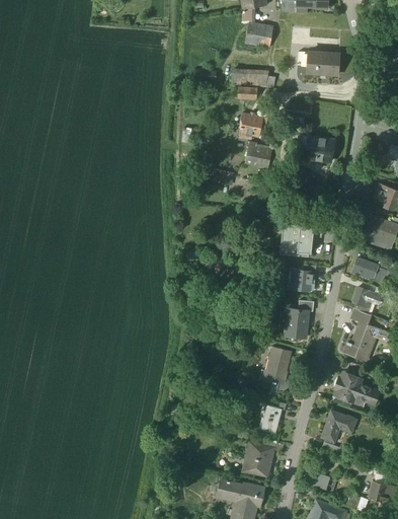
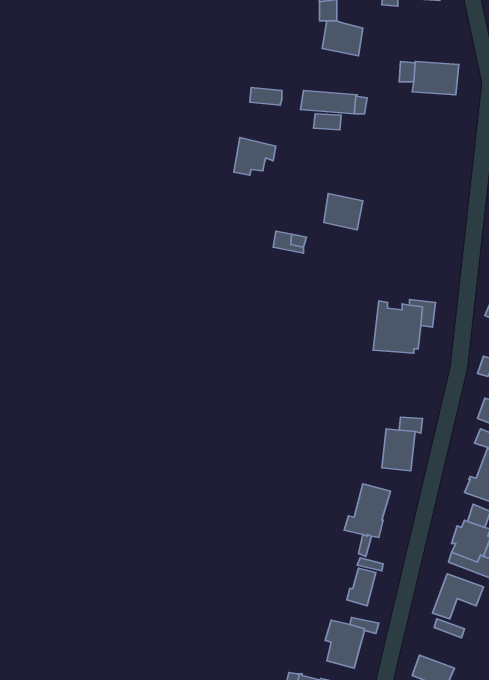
building: [238,114,267,140] -> [234,137,276,175]
building: [301,134,333,162] -> none
building: [289,269,316,290] -> none

